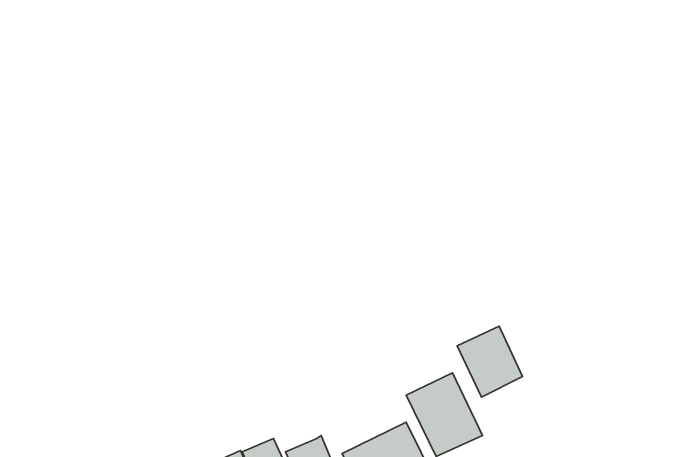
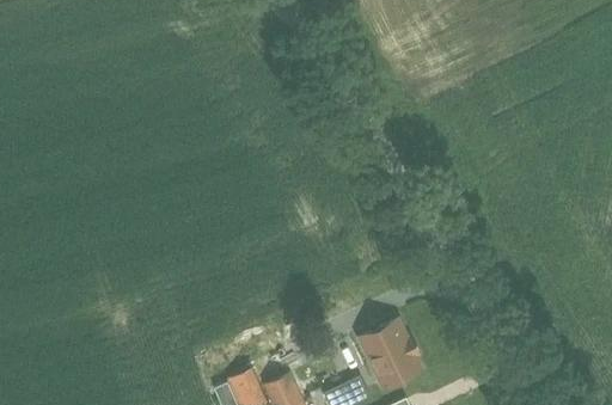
building: [457,326,523,397] -> none

